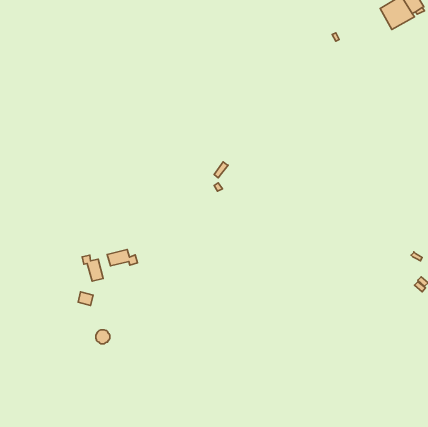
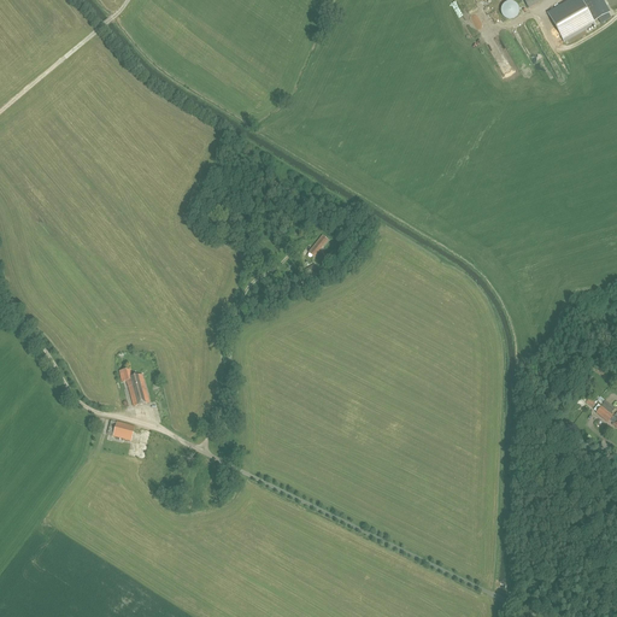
building: [107,249,138,266] -> none

